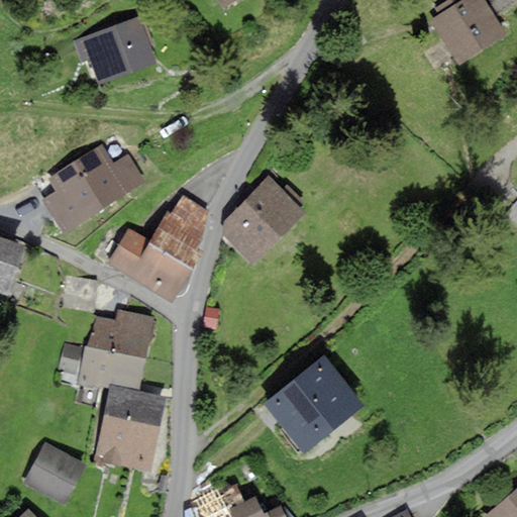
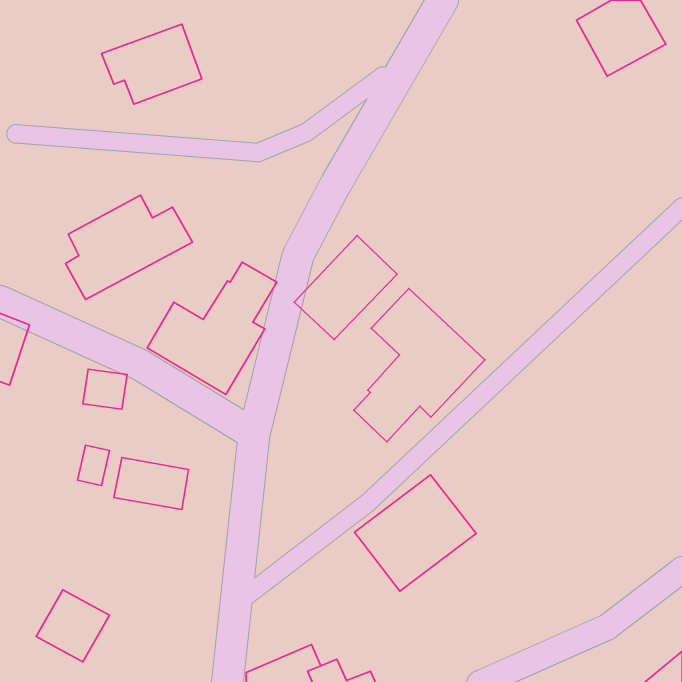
building: none -> [354,288,485,442]
building: [92,313,149,355] -> none
building: [97,392,161,466] -> none

